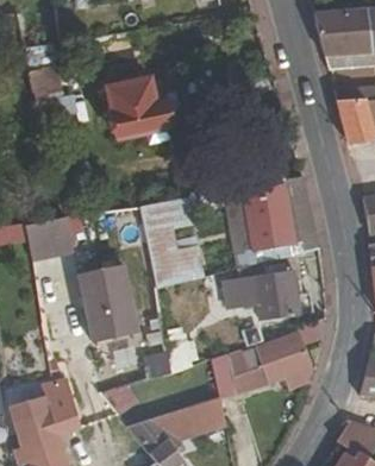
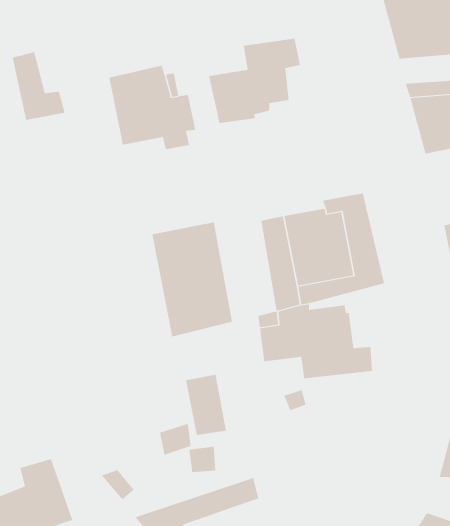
building: none -> [208,38,301,124]
building: [27,208,74,250] -> none
building: [77,246,146,336] -> none
building: [211,317,326,398] -> none

